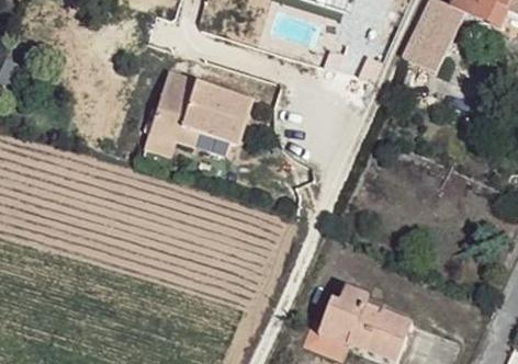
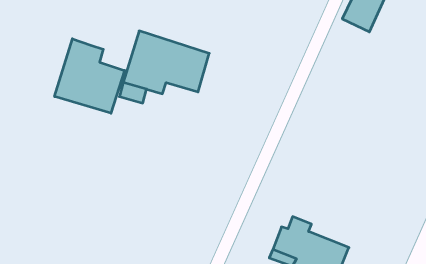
building: none -> [55,39,125,113]

